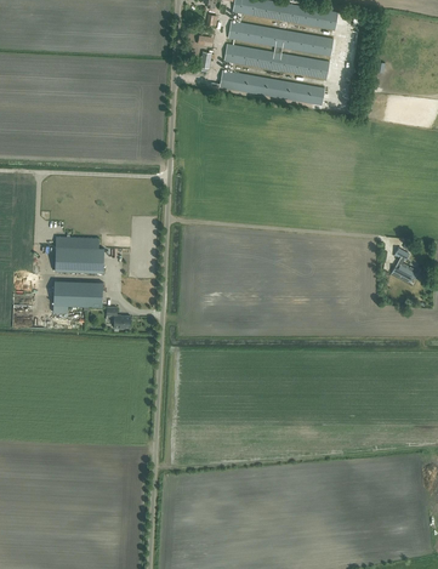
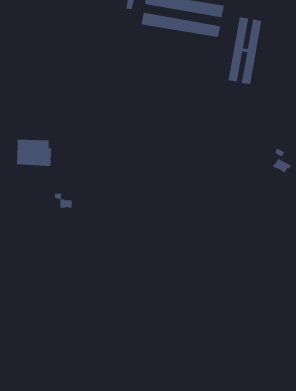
building: none -> [228,17,262,85]
building: [52,280,102,307] -> none

